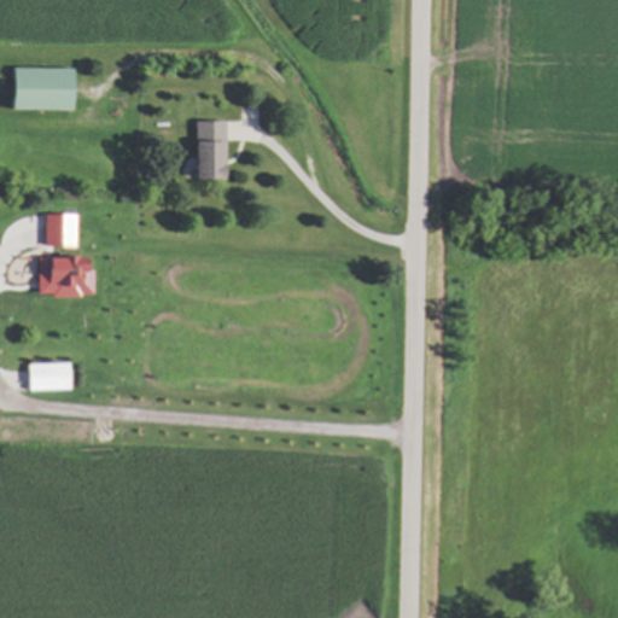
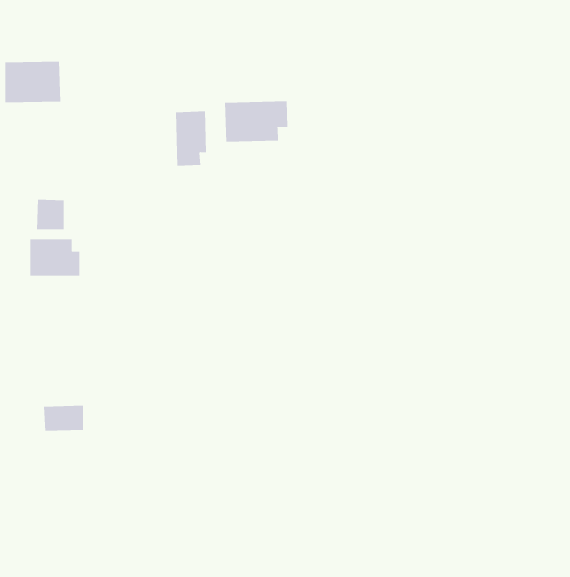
building: none -> [225,100,288,143]
building: [30,362,74,390] -> [43,405,84,431]

